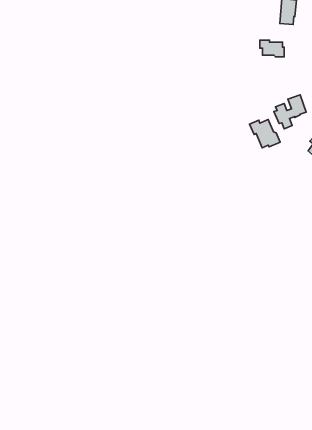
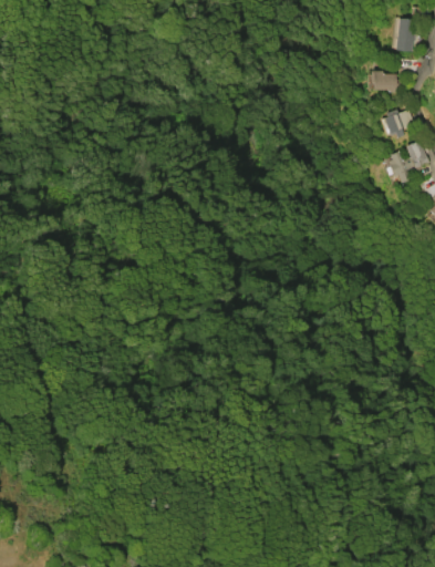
building: none -> [382,110,413,138]
building: [250,120,280,148] -> none

